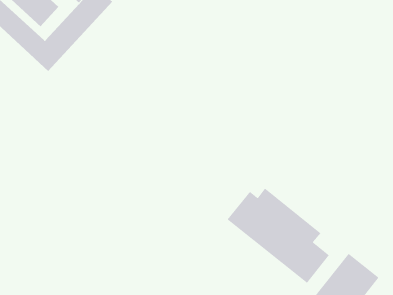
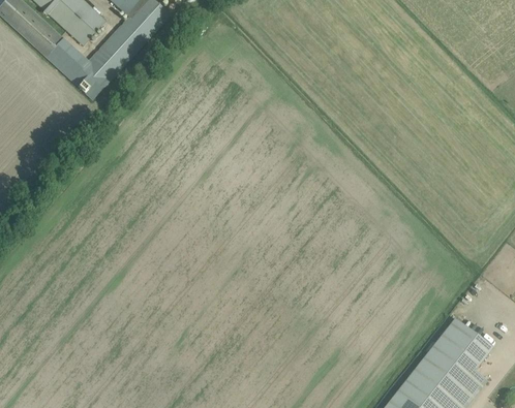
building: [226,188,330,284] -> none

